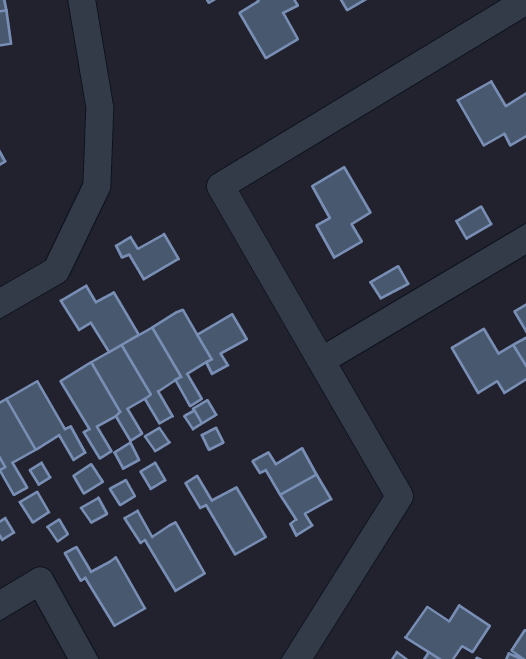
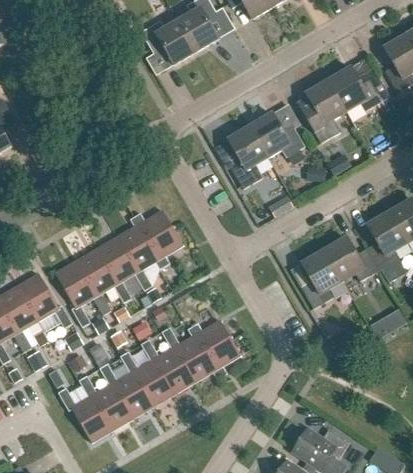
building: none -> [141,20,196,64]
building: none -> [297,80,346,142]
building: none -> [250,113,305,157]
building: [116,234,179,279] -> [130,210,173,241]
building: [61,286,139,352] -> none
building: none -> [301,250,342,308]
building: none -> [161,326,217,380]
building: none -> [120,350,175,405]
building: none -> [79,374,134,429]

